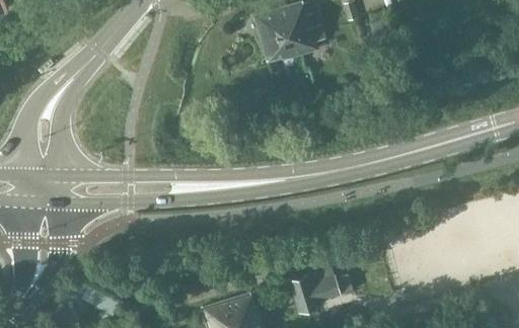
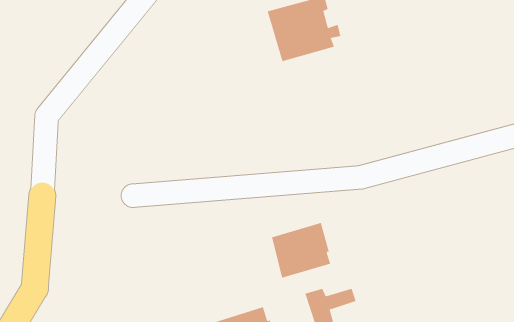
building: none -> [271,222,331,278]

